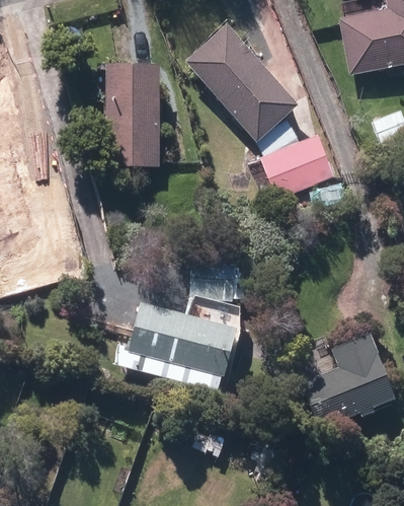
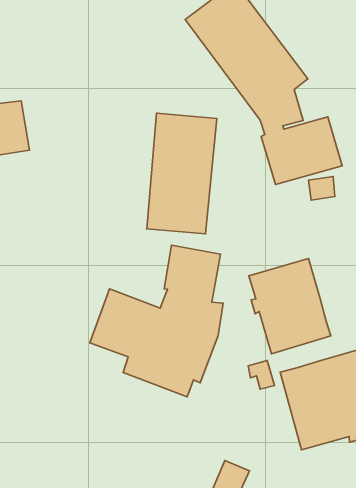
building: [106,64,159,165] -> [147,113,217,234]
building: none -> [249,259,331,354]

